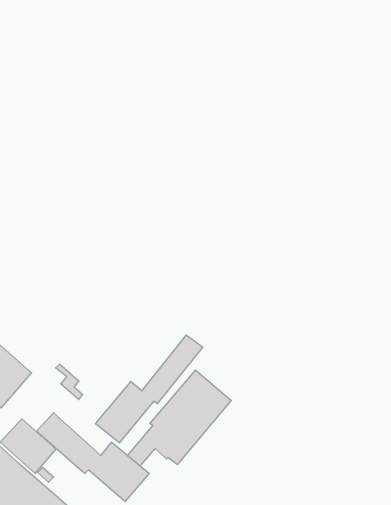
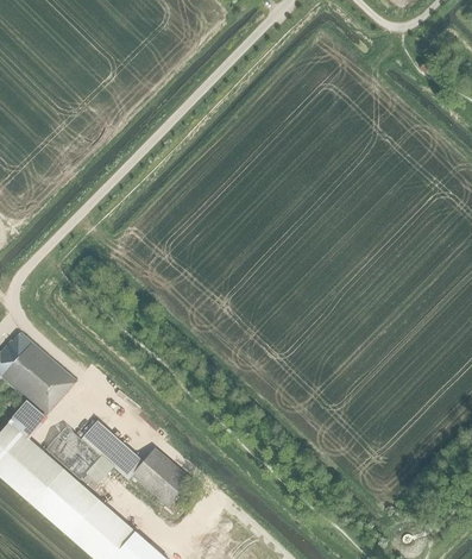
building: [95,335,203,443] -> none
building: [128,370,231,466] -> none

